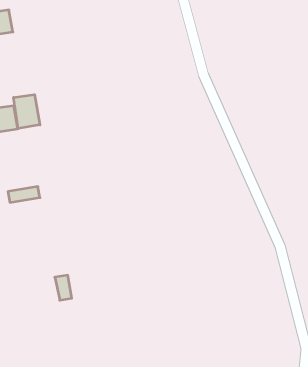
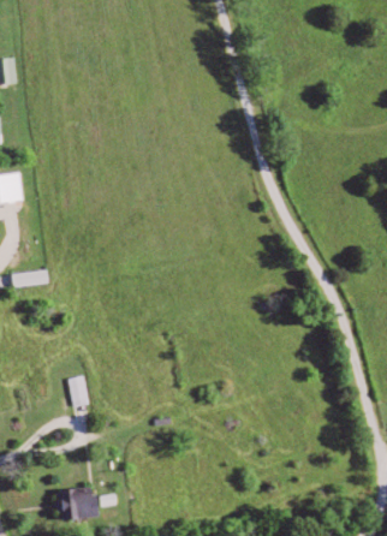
building: [14,95,40,129] -> none

